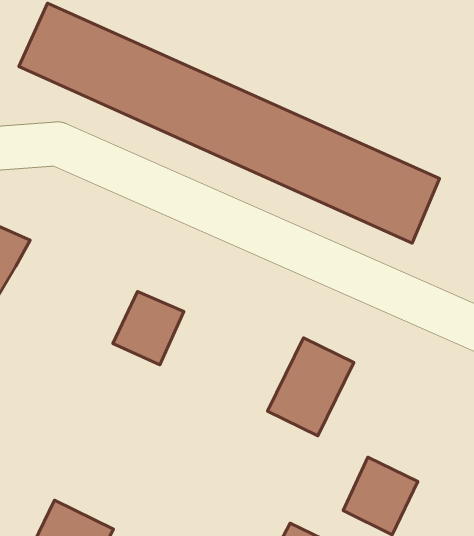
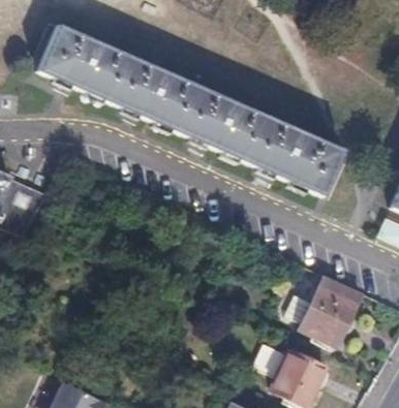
building: [113,291,184,365] -> none
building: [268,338,354,436] -> [301,274,363,344]

